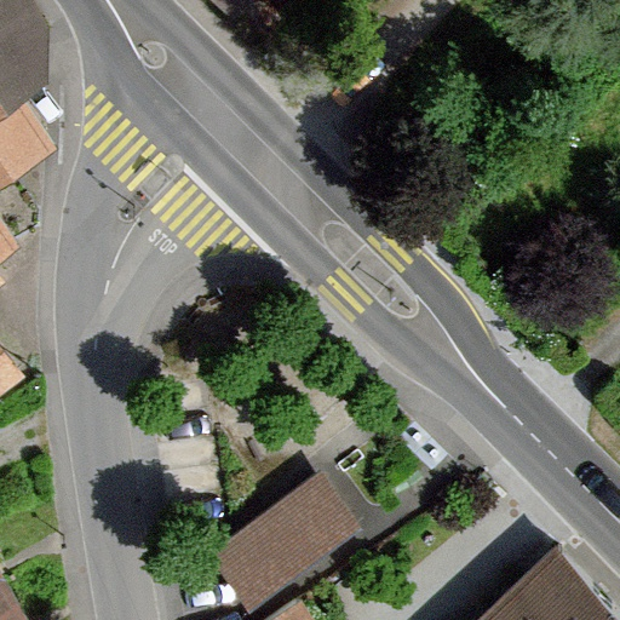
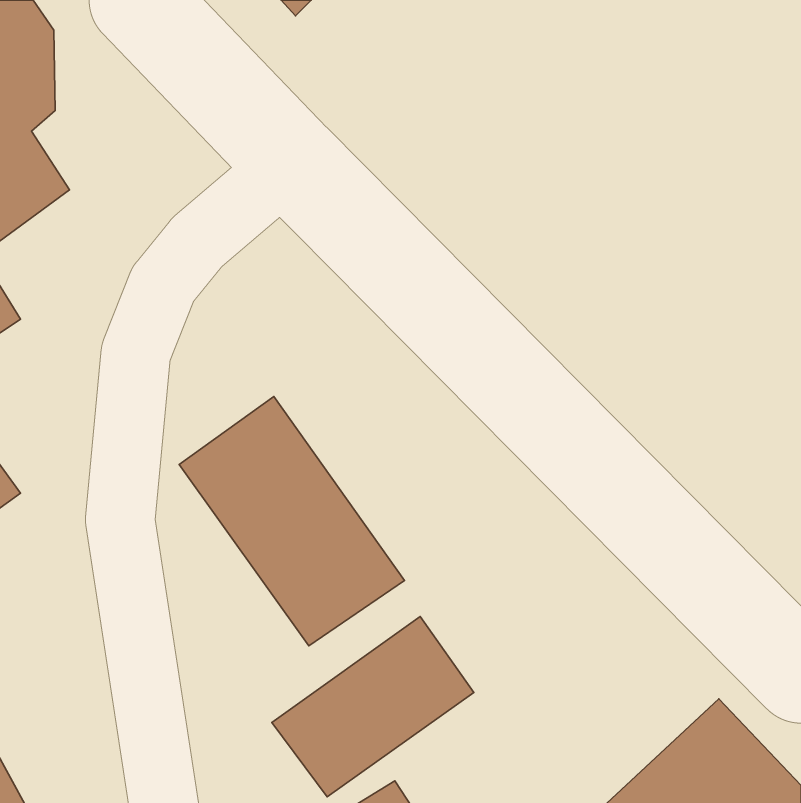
building: none -> [179,397,405,646]

